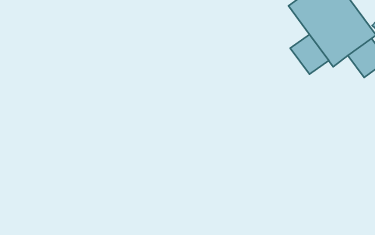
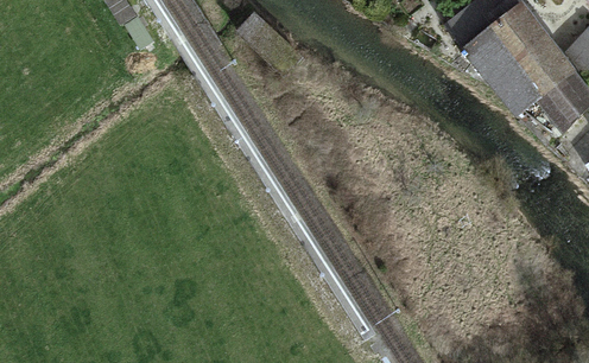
building: [290,35,329,74] -> none

